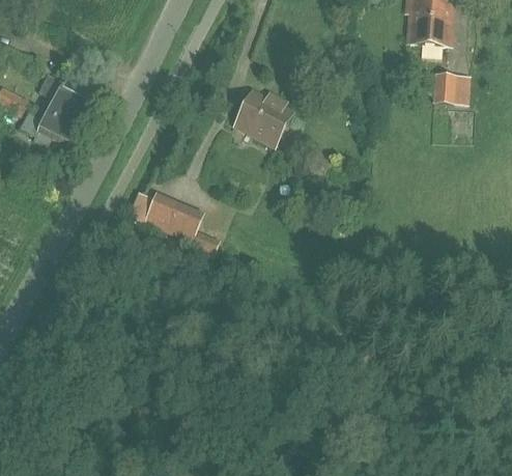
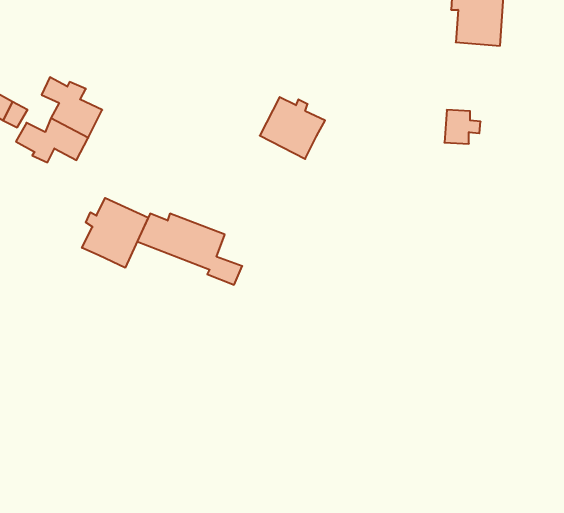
building: [432,74,464,104] -> [444,110,481,144]
building: none -> [82,198,148,268]

